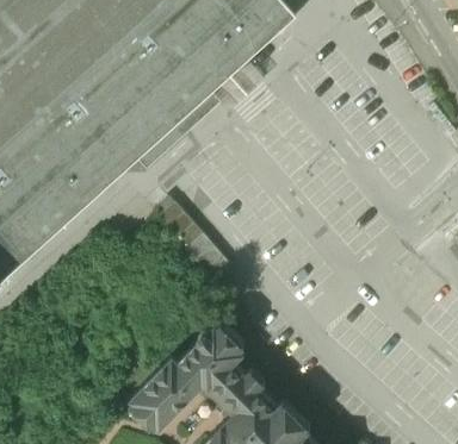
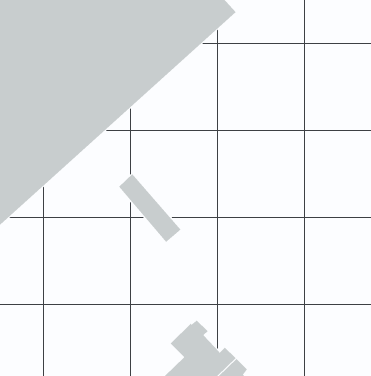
building: [130,325,243,430] -> none

